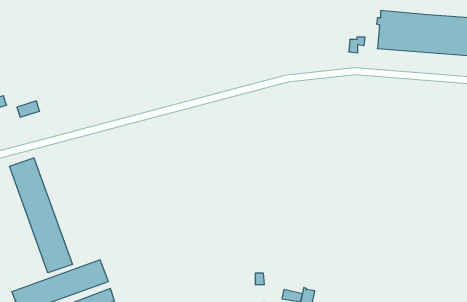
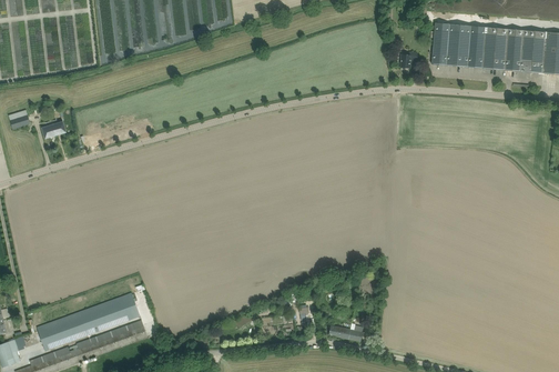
building: [9,158,72,273] -> none

